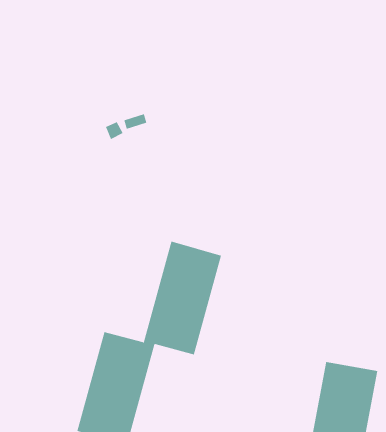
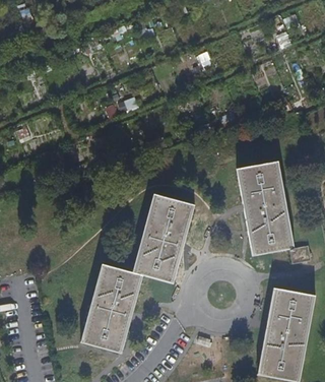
building: none -> [238,161,311,262]

